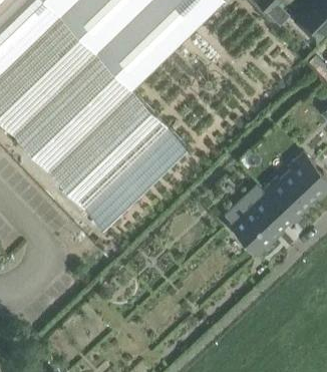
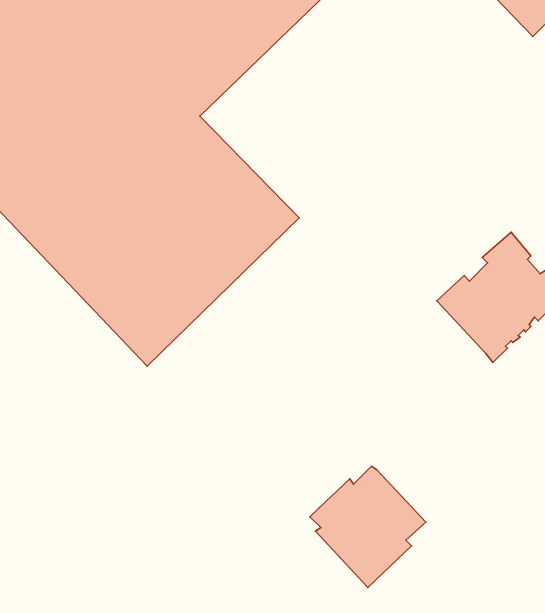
building: [225,190,289,257] -> [310,466,426,587]

